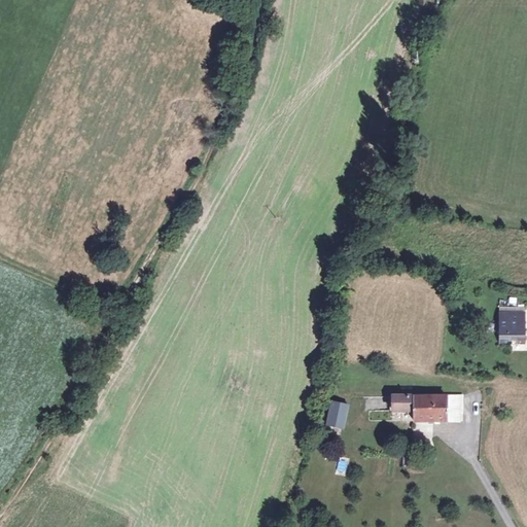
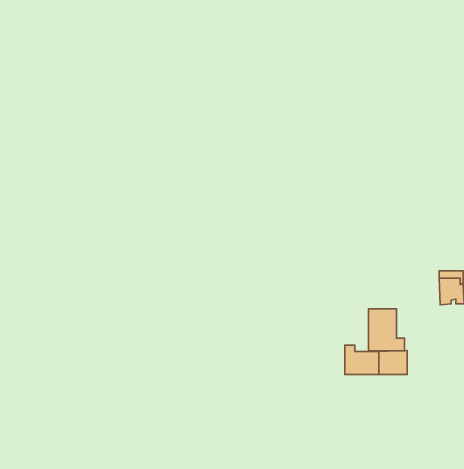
building: none -> [368,309,404,351]
building: [324,399,351,430] -> none

